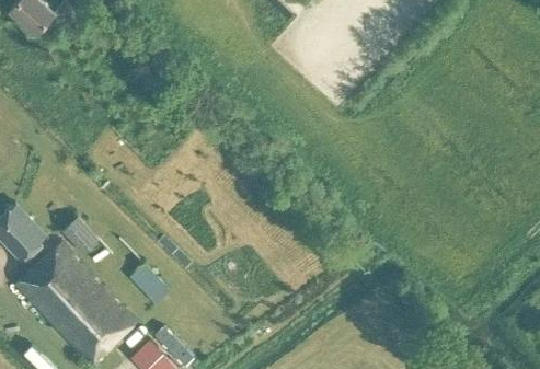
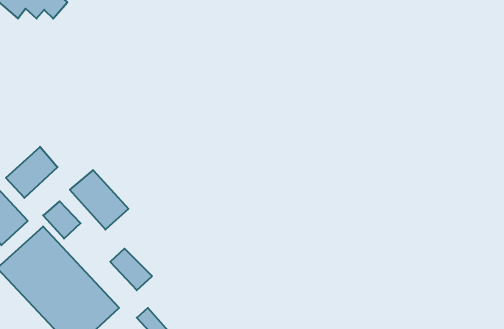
building: none -> [6,147,58,198]
building: none -> [70,170,128,230]

